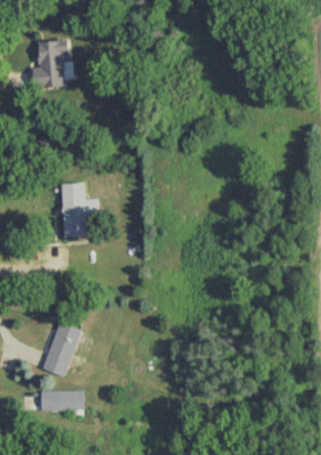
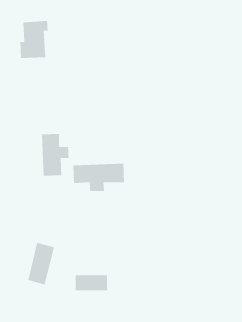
building: none -> [73,163,124,192]
building: [42,390,84,410] -> [75,275,108,291]

